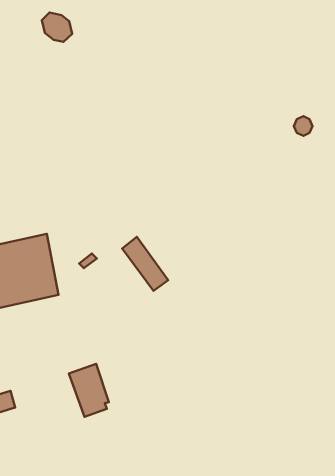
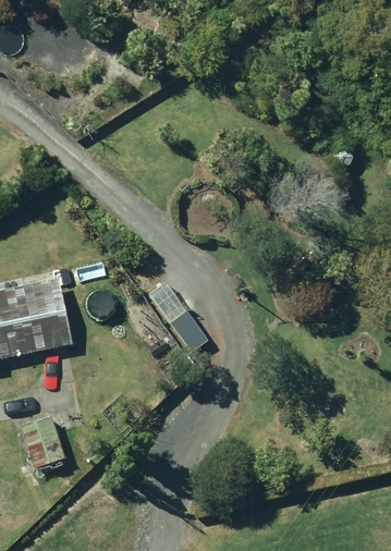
building: [69,364,109,417] -> [22,415,66,474]

